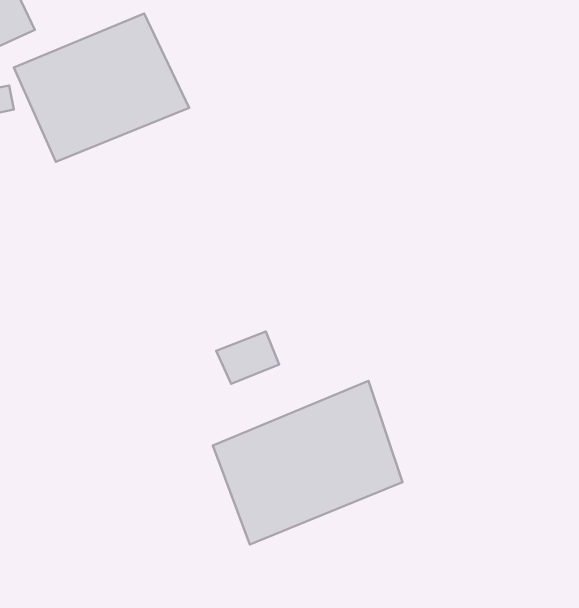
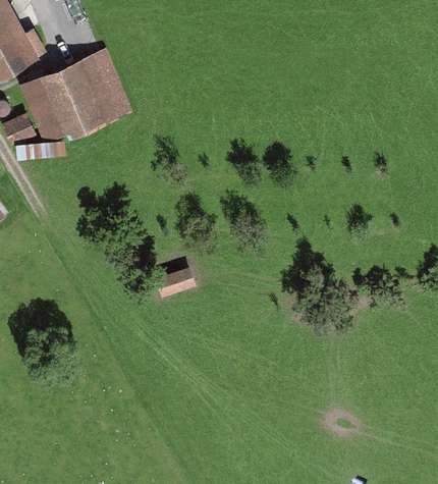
building: [213,381,403,544] -> none

